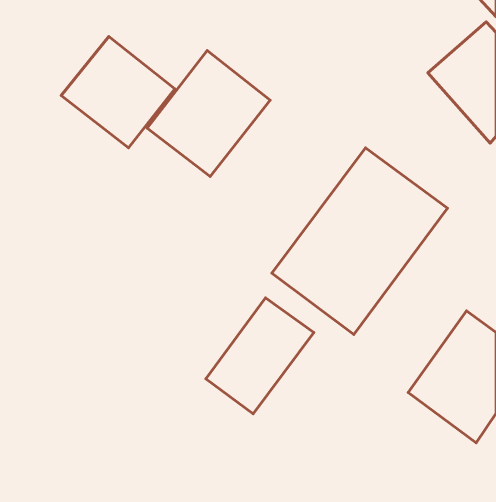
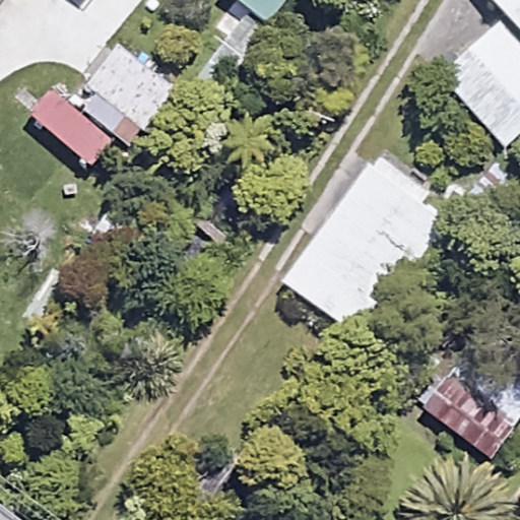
building: [147,51,270,177] -> none
building: [206,298,314,414] -> none

